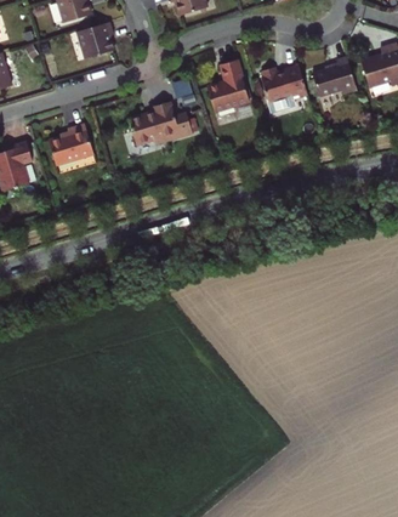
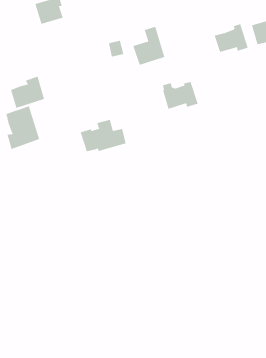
building: [261,66,308,102] -> [162,81,199,110]
building: [130,103,191,146] -> [80,119,126,152]
building: none -> [6,106,40,150]

